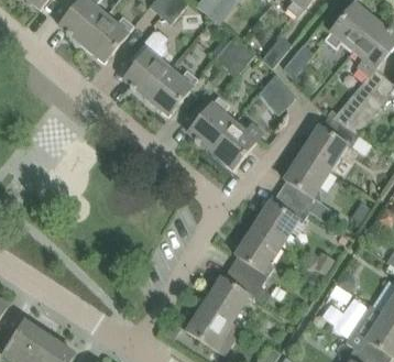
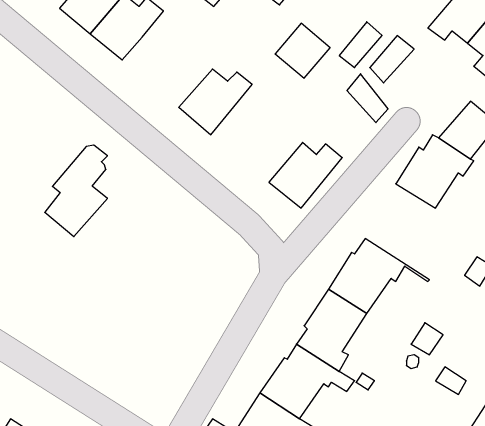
building: [124,30,169,96] -> [45,145,107,237]
building: [188,96,234,150] -> none
building: [280,151,332,220] -> none

